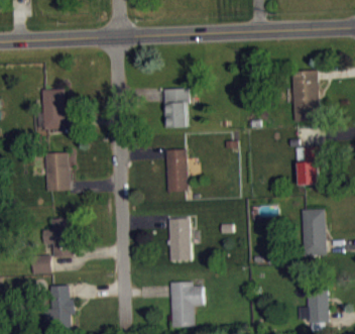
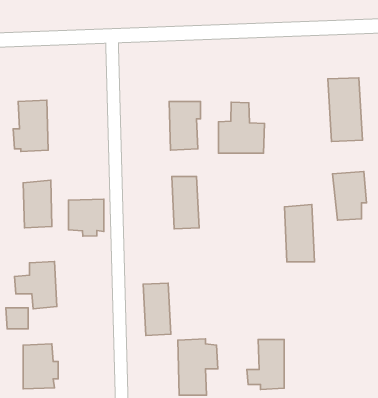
building: none -> [218,102,265,153]
building: none -> [68,199,104,236]
building: [302,209,326,255] -> [284,204,314,262]
building: [168,219,191,261] -> [143,283,171,336]
building: [298,284,328,324] -> [247,339,284,389]

